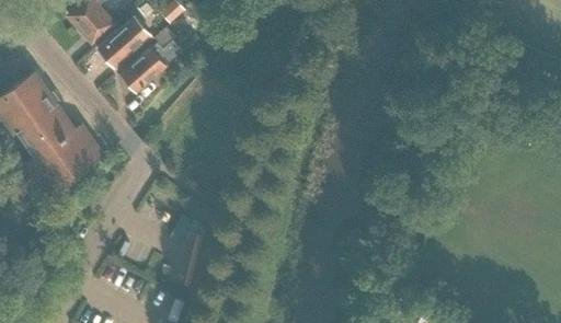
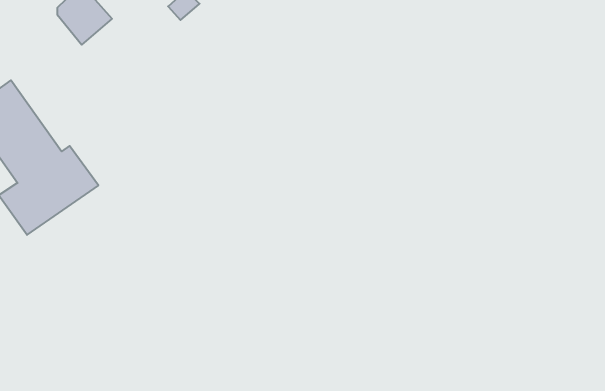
building: [98,19,150,68] -> none
building: [119,27,182,93] -> none

